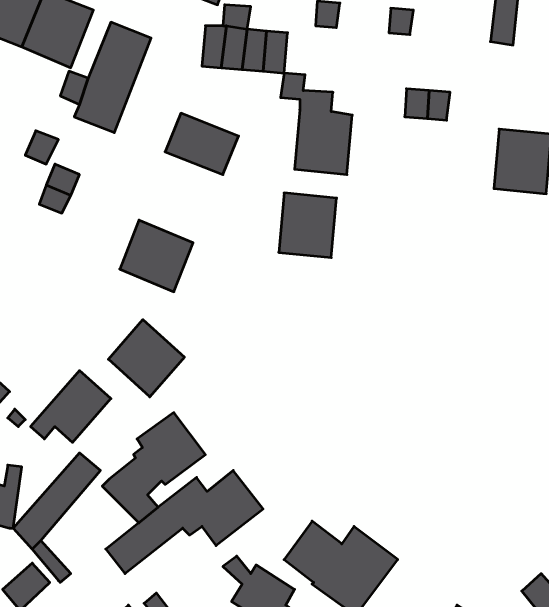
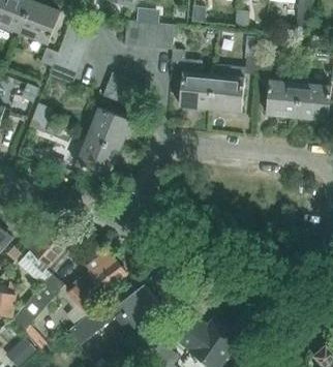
building: none -> [267,80,301,118]
building: none -> [88,108,131,150]
building: [279,193,337,258] -> [211,74,245,113]
building: [108,320,184,397] -> none

